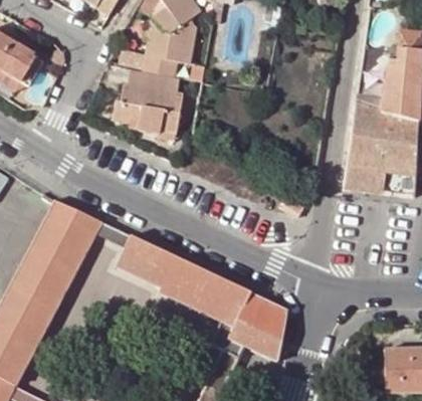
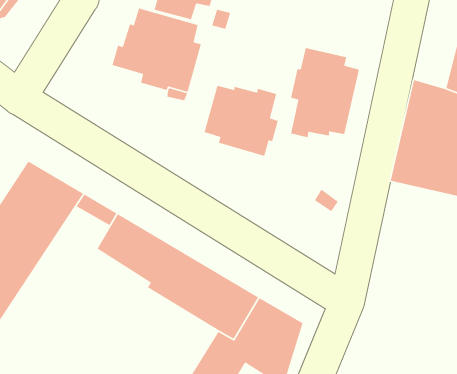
building: none -> [290,47,360,138]
building: none -> [203,85,279,157]

